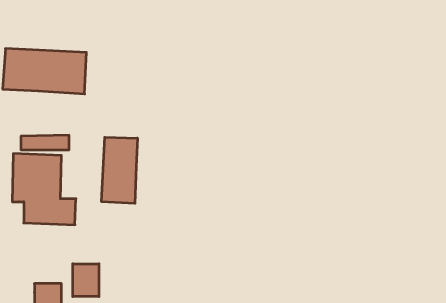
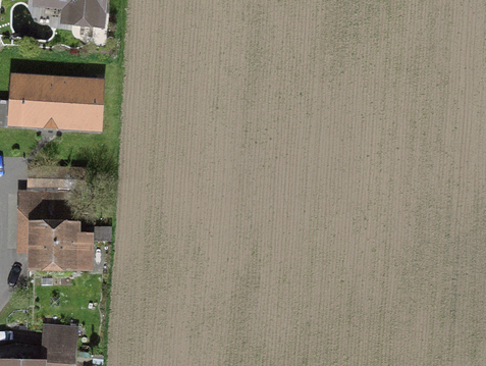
building: [102,137,137,203] -> none
building: [73,264,99,297] -> none

